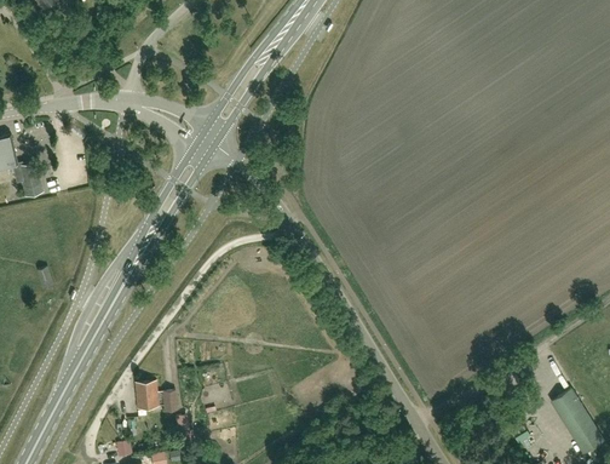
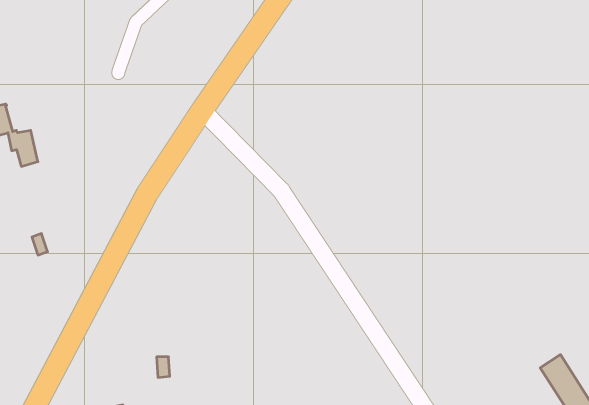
building: [136,382,159,408] -> none

